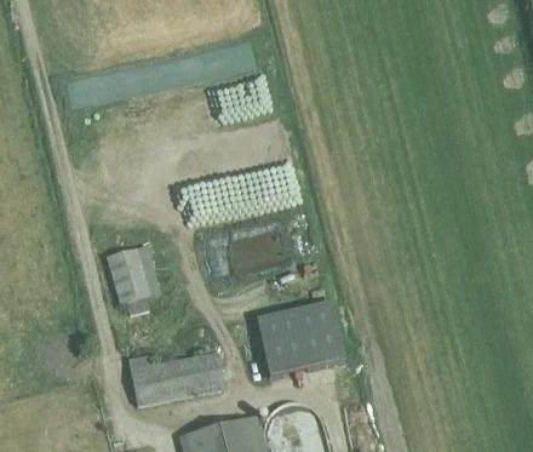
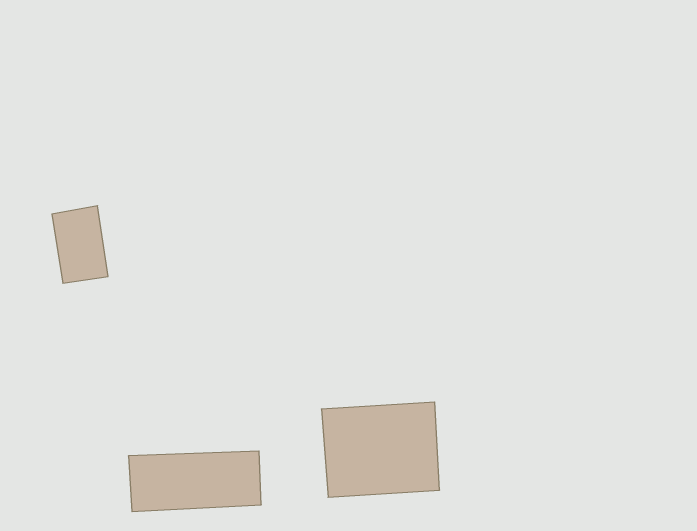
building: [104,246,148,302] -> [52,206,108,283]

